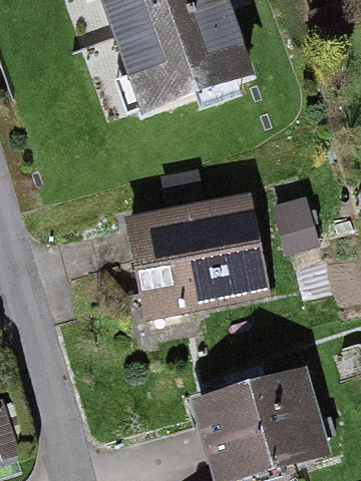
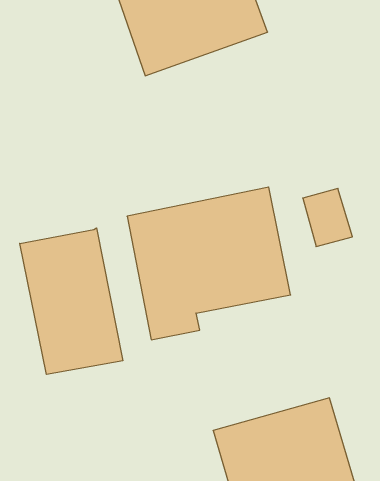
building: none -> [20,228,123,374]

